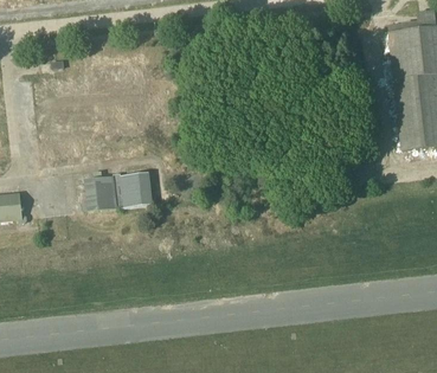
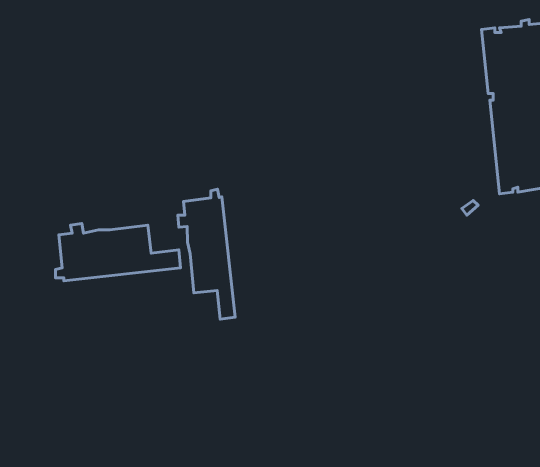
building: none -> [178,189,235,319]

